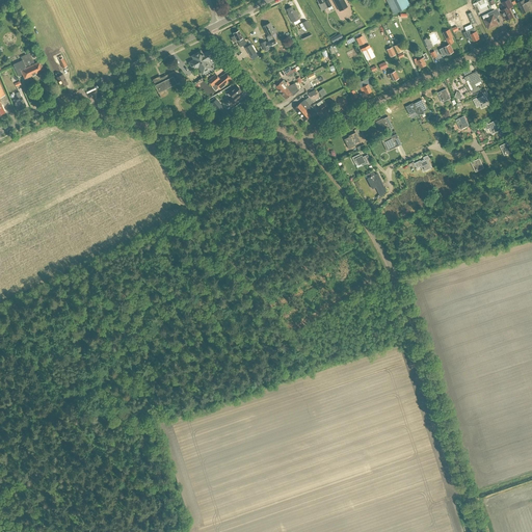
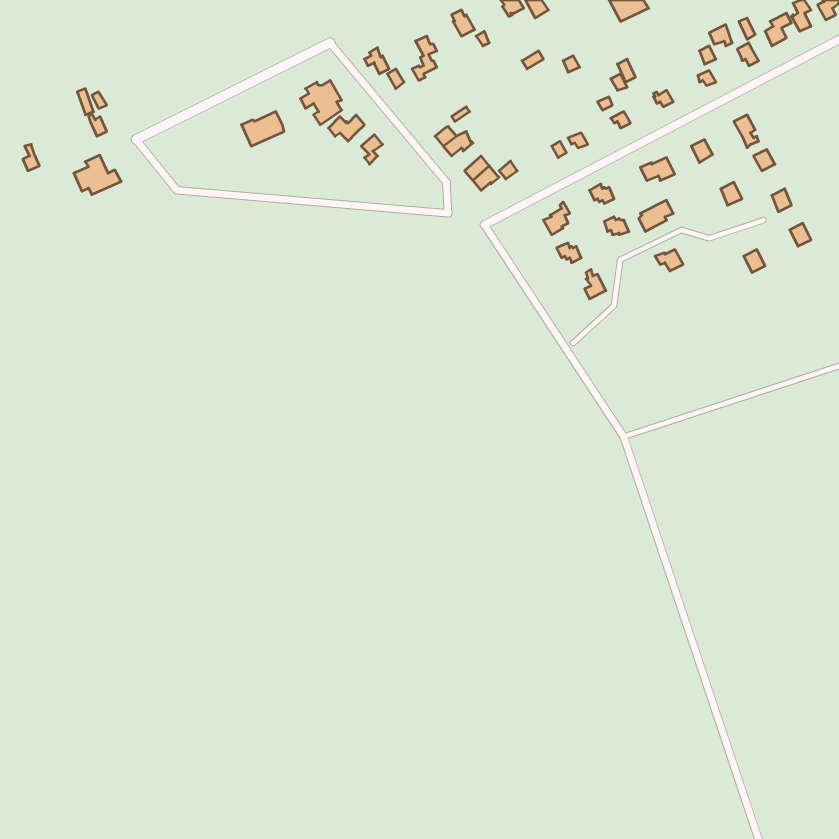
building: [14,53,44,78] -> [74,155,121,195]

